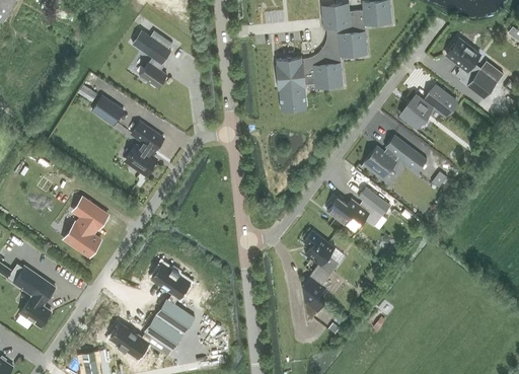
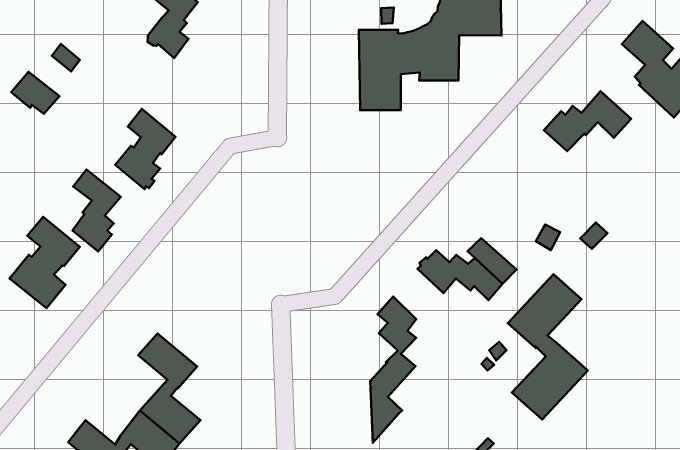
building: [92,95,124,122] -> [11,72,59,114]
building: [361,134,427,176] -> none
building: none -> [72,169,121,251]
building: none -> [508,274,588,419]

